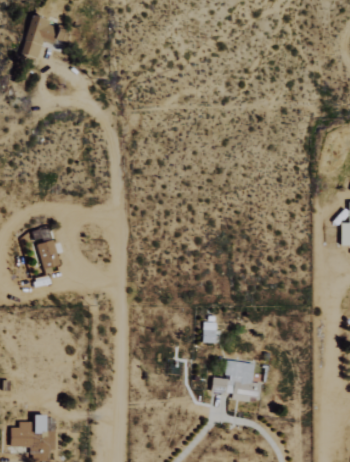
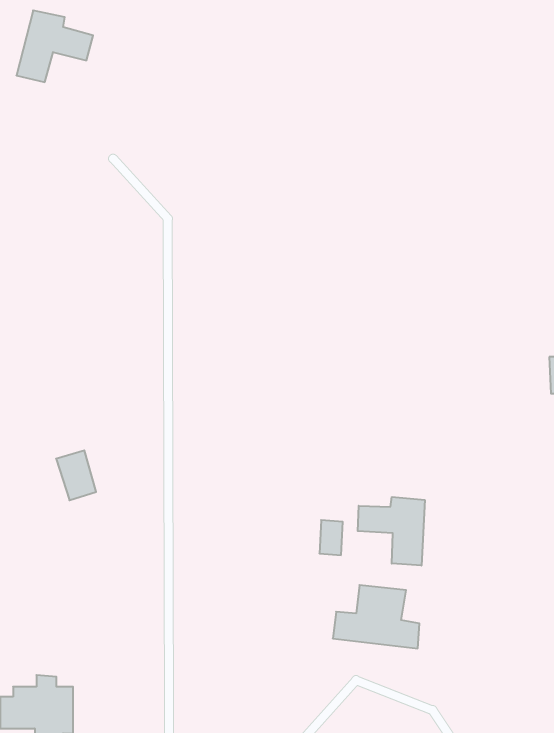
building: [36,239,60,269] -> [56,450,96,500]
building: none -> [358,497,425,566]

